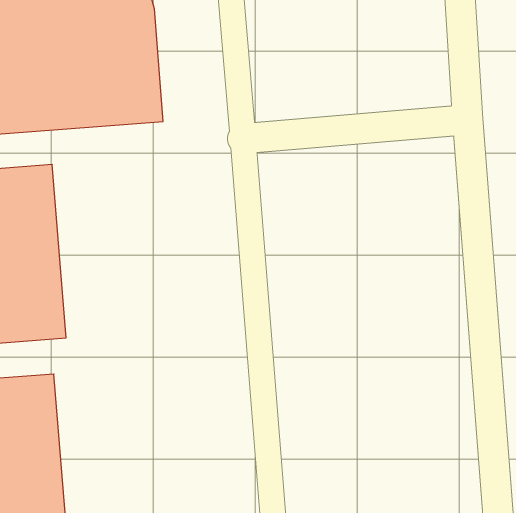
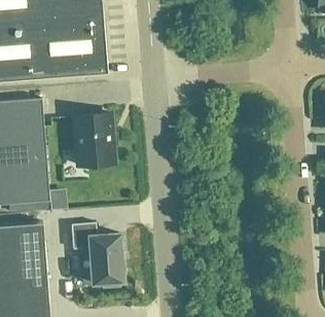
building: none -> [74,114,114,170]
building: none -> [71,223,123,288]

